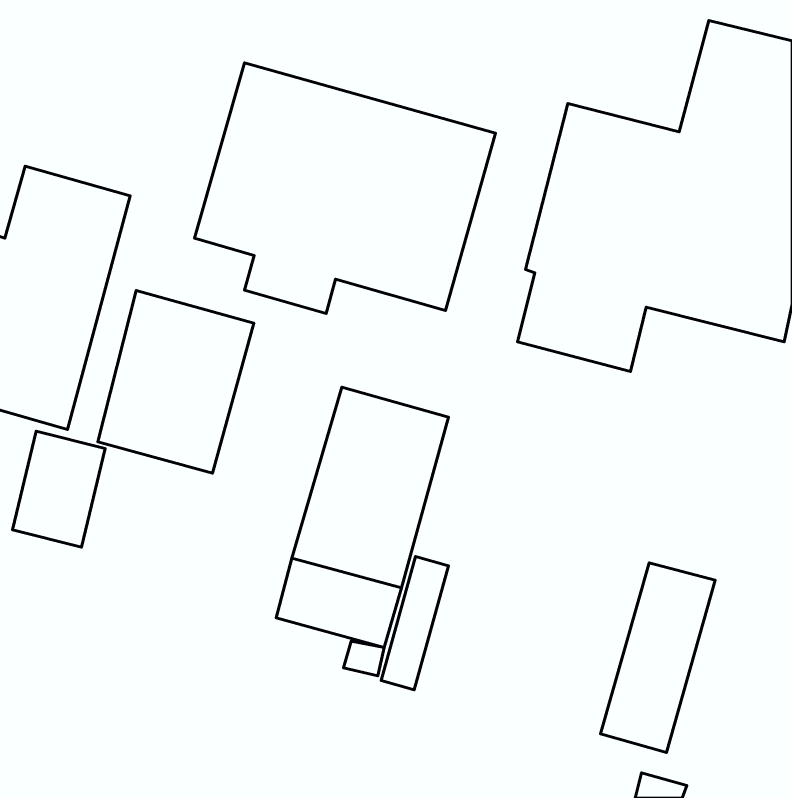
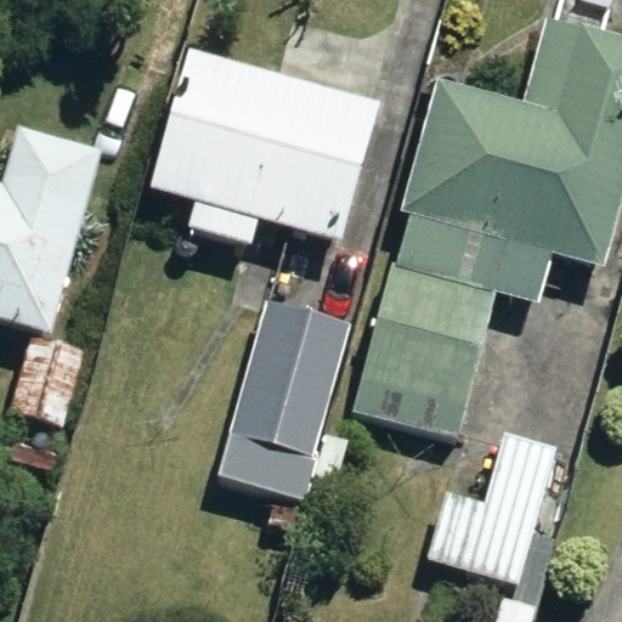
building: [98,291,254,473] -> none
building: none -> [355,262,497,432]

